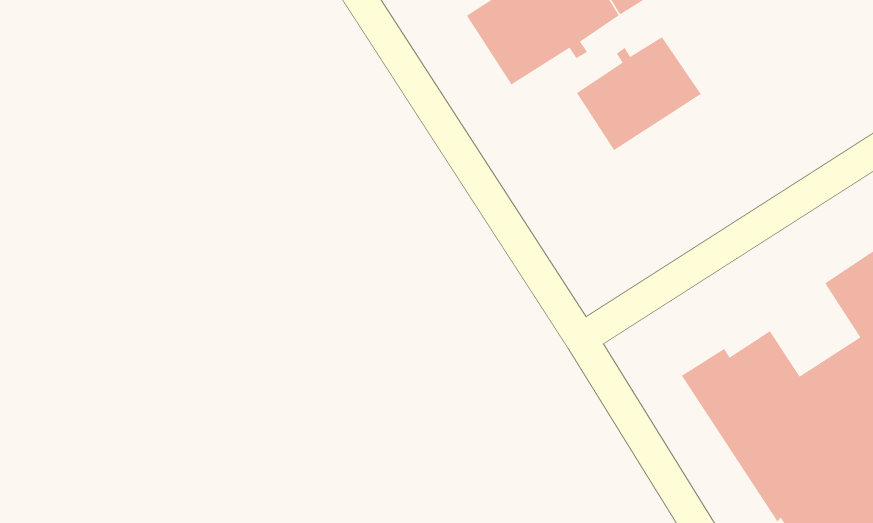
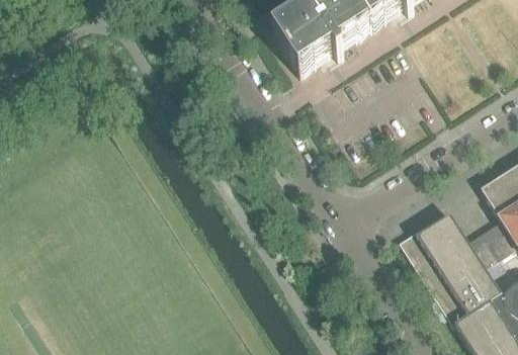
building: [576,36,702,151] -> none

